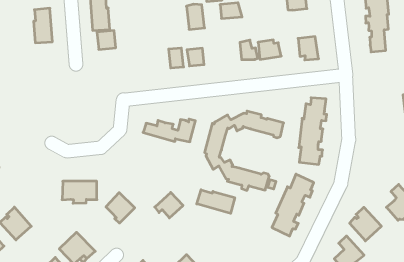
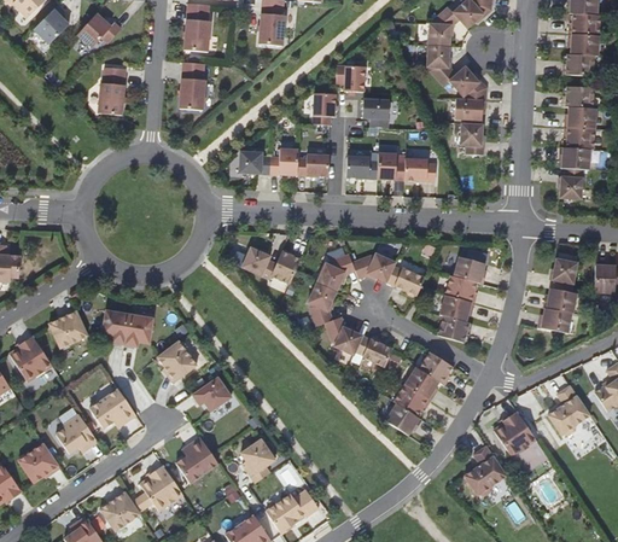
building: [97,31,116,49] -> [238,151,263,176]
building: [298,37,319,60] -> [459,122,484,155]
building: none -> [346,150,377,181]
building: none -> [537,257,577,332]
building: none -> [48,309,87,348]
building: [197,190,235,213] -> none
building: [155,192,183,218] -> [192,377,232,412]

